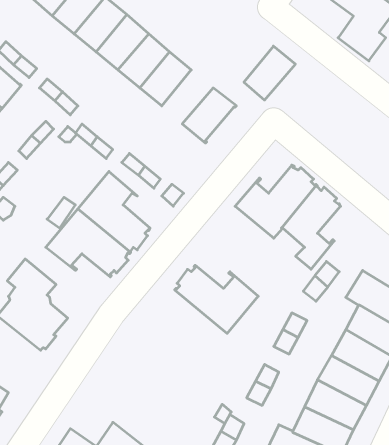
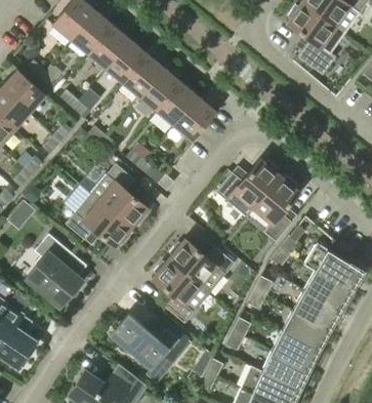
building: [244,46,295,100] -> [157,82,198,125]
building: none -> [151,257,209,322]
building: none -> [111,313,189,368]

